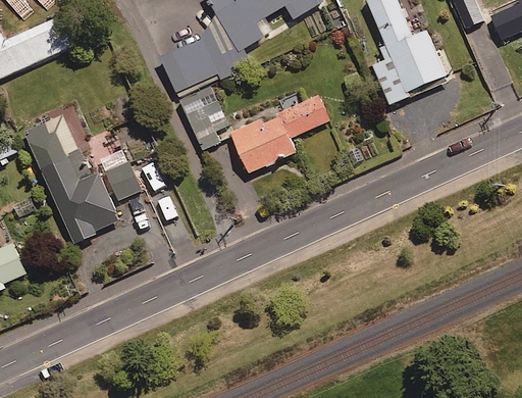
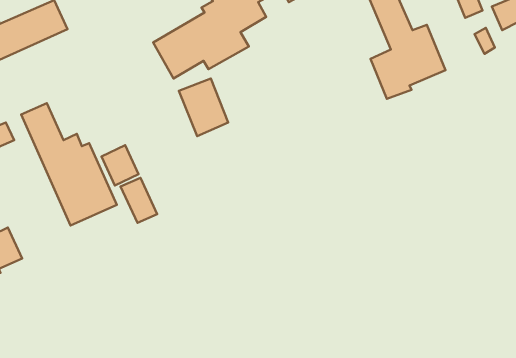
building: [230,94,327,170] -> none
building: none -> [121,178,157,223]

